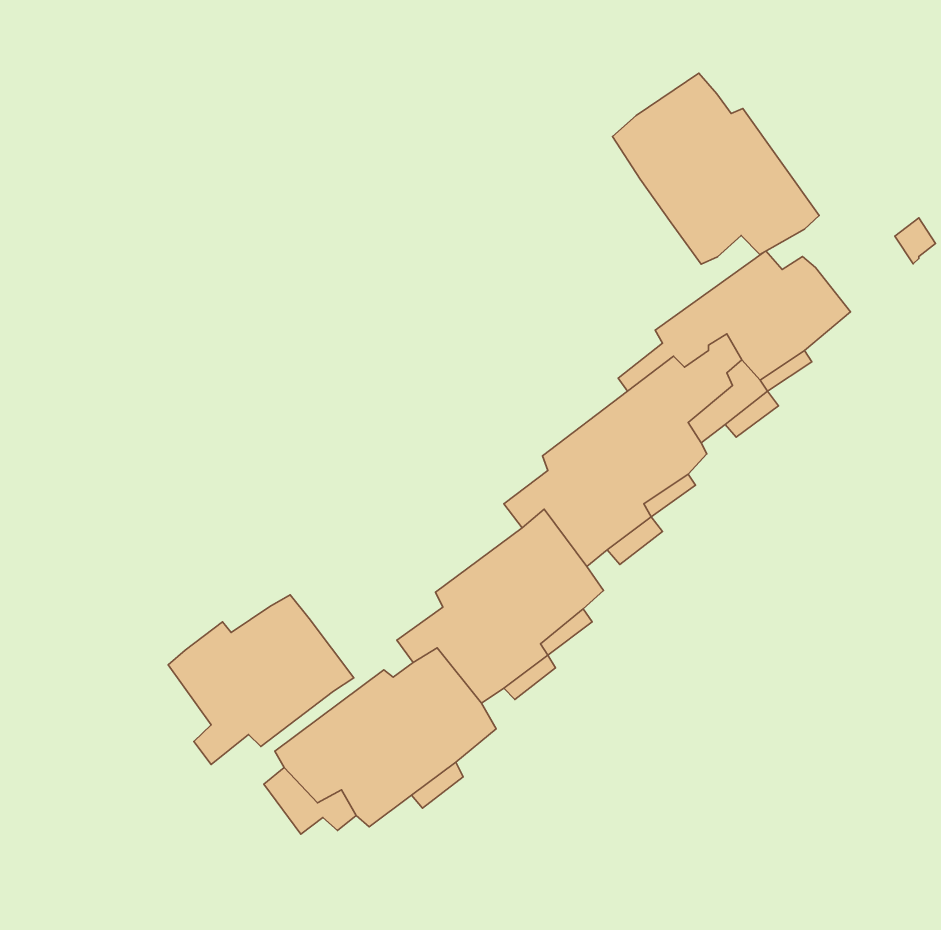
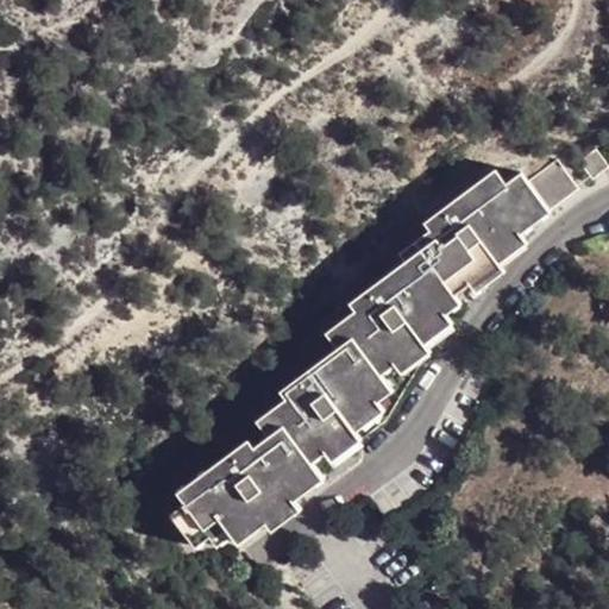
building: [613,73,819,264] -> none
building: none -> [527,159,577,209]
building: [168,595,354,764] -> none

